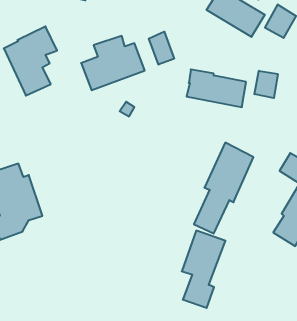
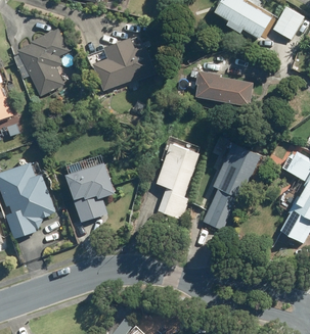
building: [149,32,174,65] -> none
building: [254,71,278,98] -> none
building: none -> [67,161,115,222]
building: [182,231,226,308] -> [156,143,198,219]

